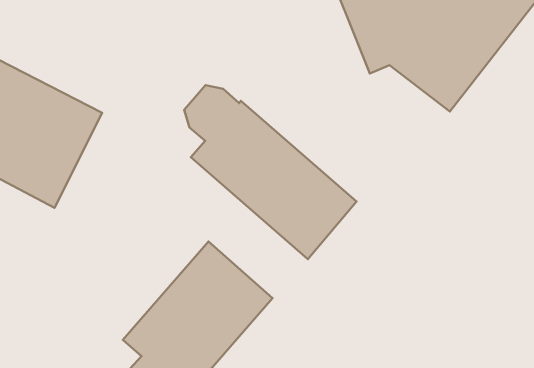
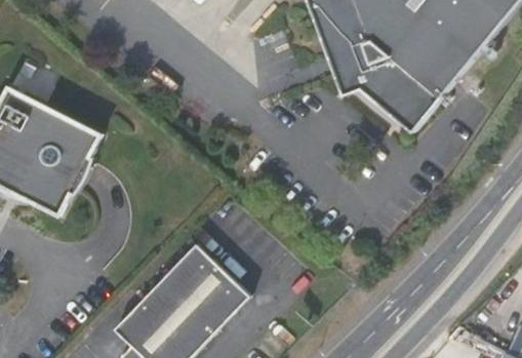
building: [184,85,357,259] -> none

